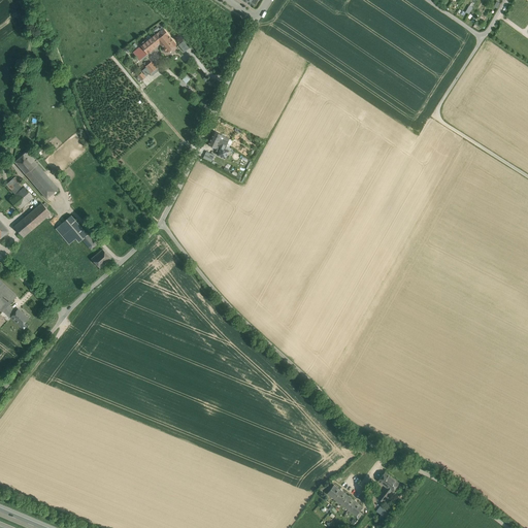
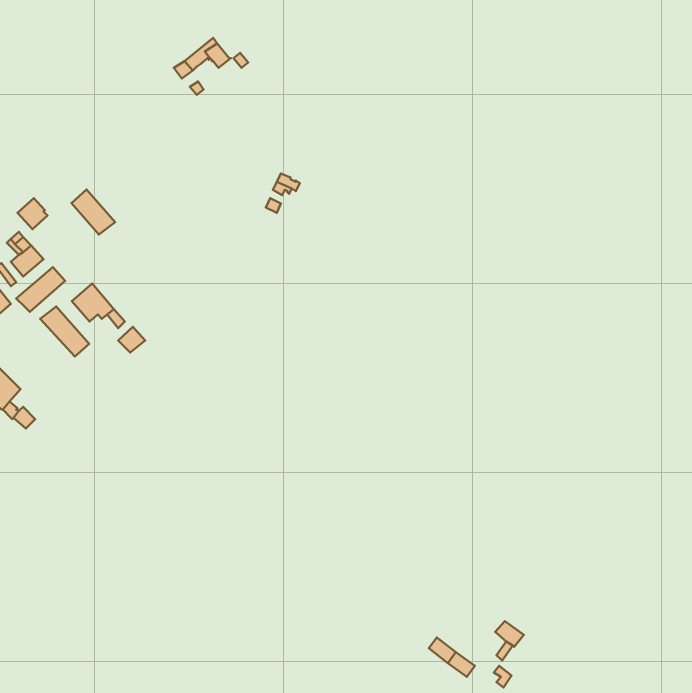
building: [25,164,58,198] -> [72,190,115,234]
building: none -> [40,306,89,356]

